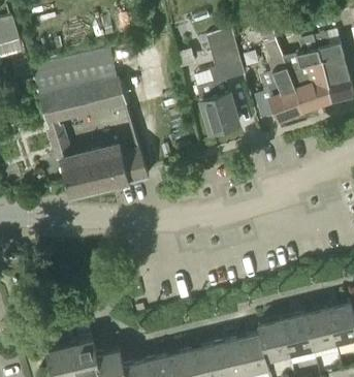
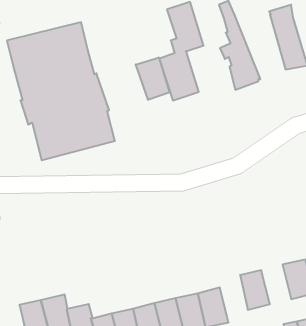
building: [291,42,331,112] -> none
building: none -> [136,57,170,100]
building: [304,310,336,352] -> none
building: [258,321,290,364] -> none

